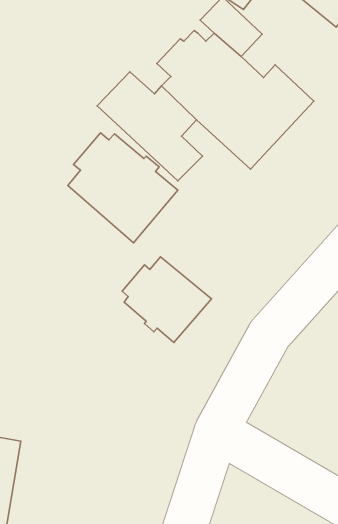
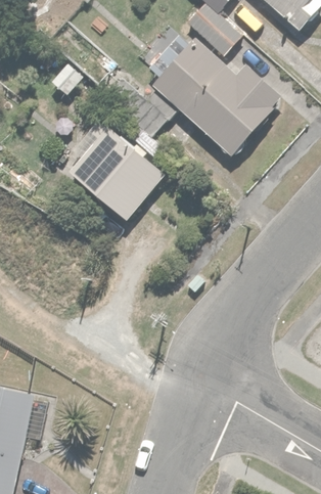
building: [122,257,211,343] -> none

